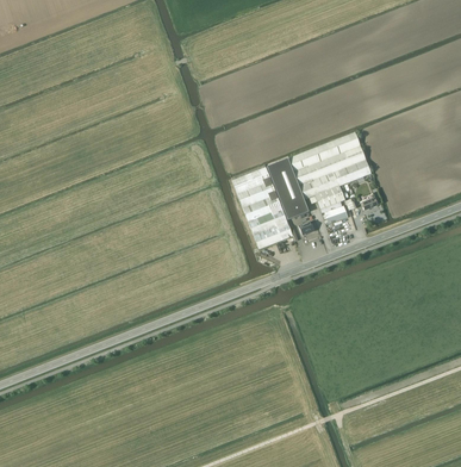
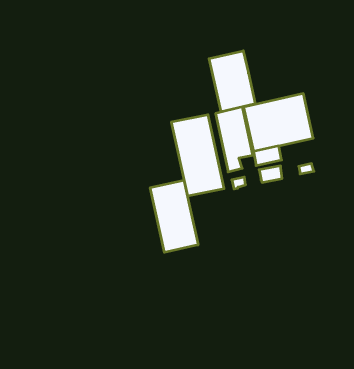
building: none -> [209,51,255,112]
building: none -> [150,180,198,252]

